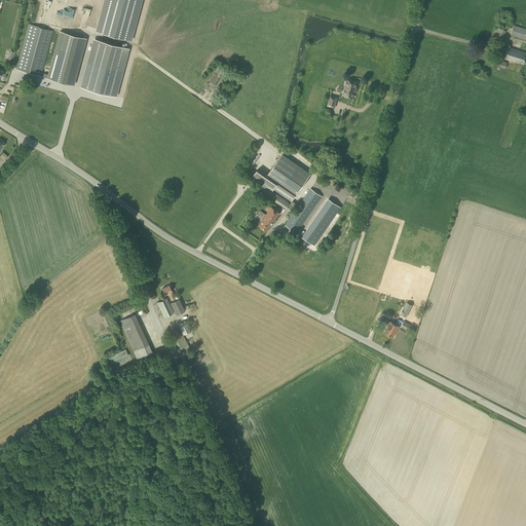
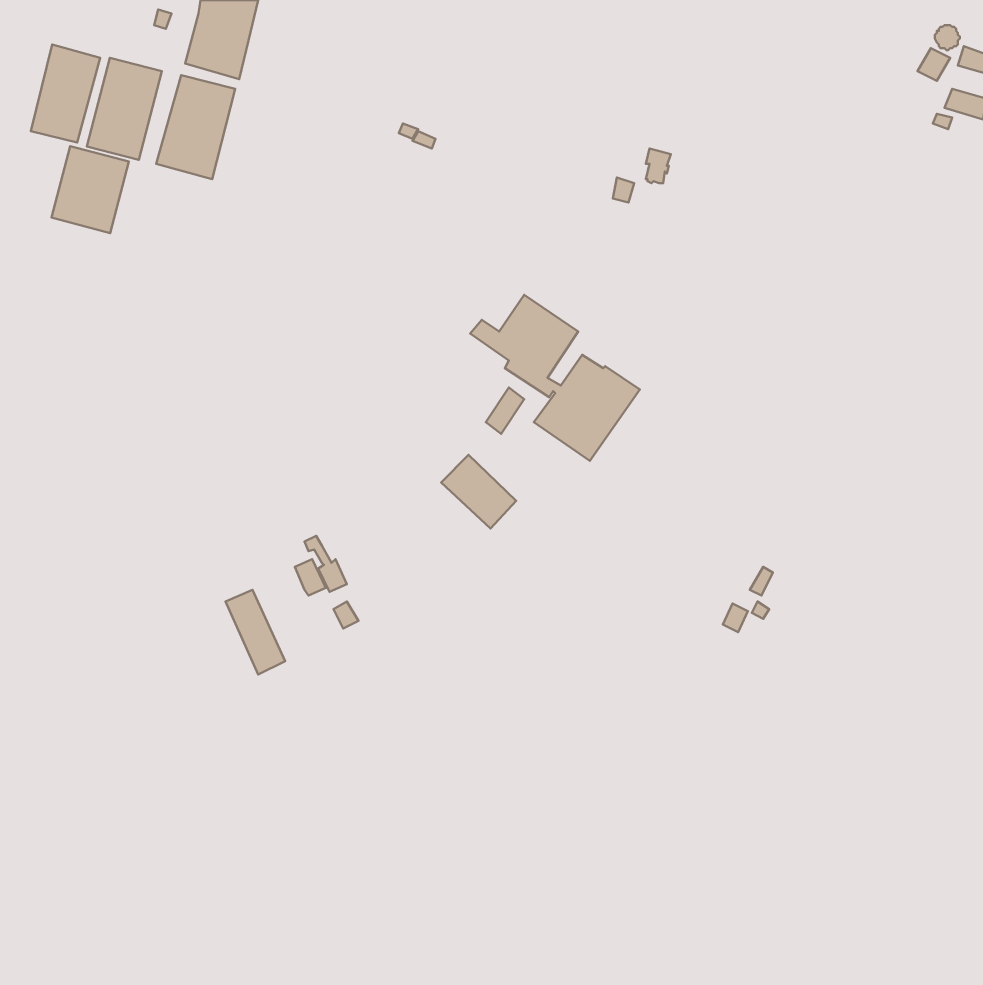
building: none -> [52,146,129,233]
building: none -> [441,455,516,529]

